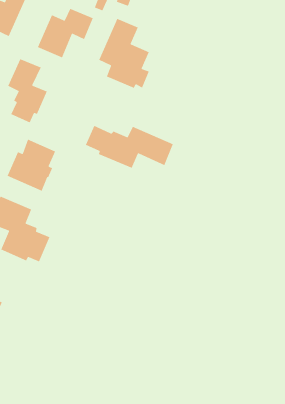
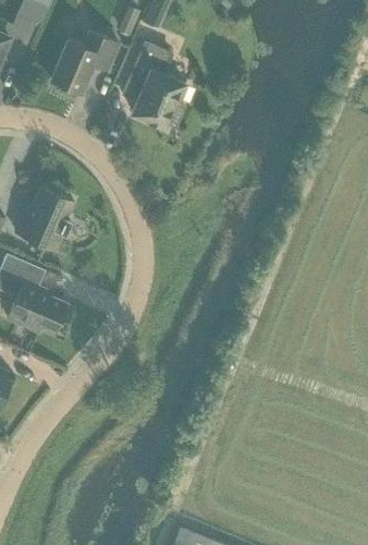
building: [7,58,48,123] -> none
building: [85,125,174,169] -> none

